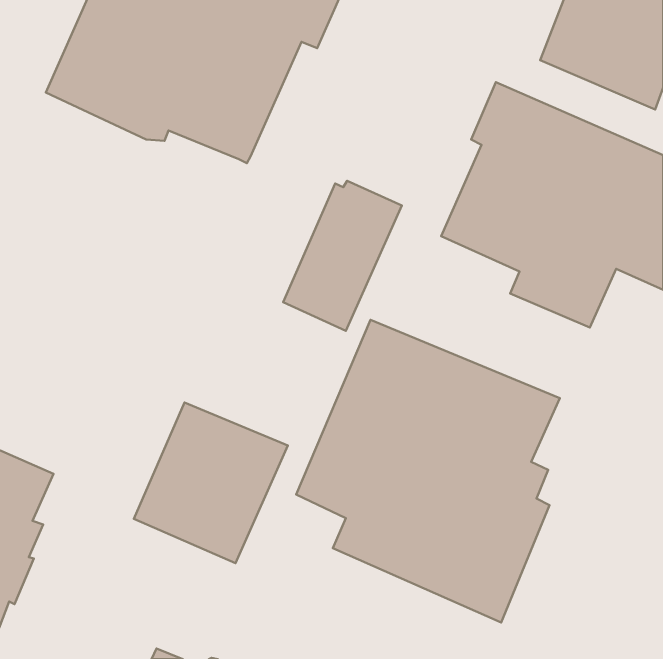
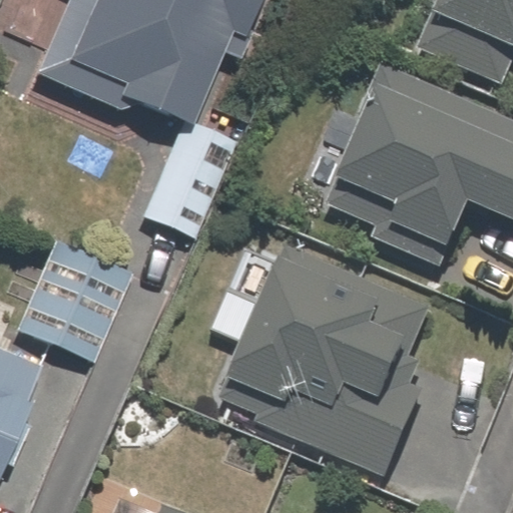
building: [283,181,402,331] -> [143,120,234,235]
building: [134,403,288,563] -> [14,238,132,362]

